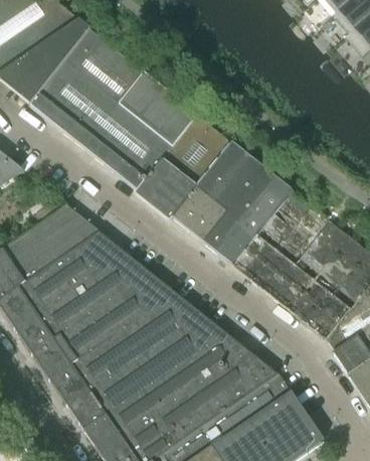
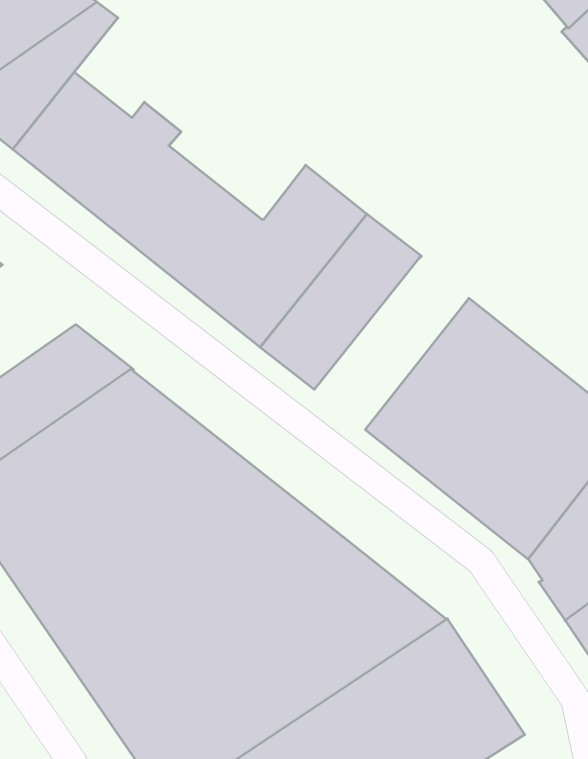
building: [64,27,197,143] -> none
building: [202,165,291,264] -> none

